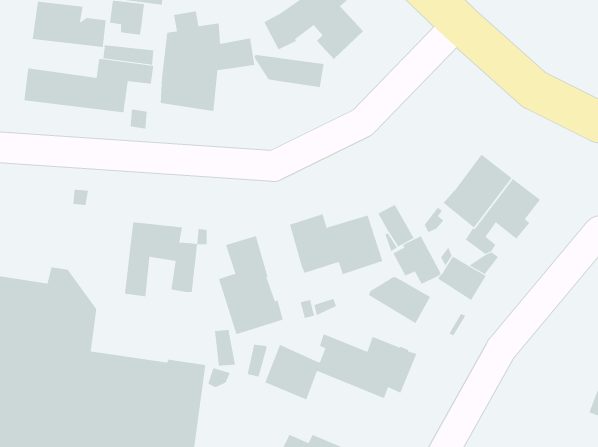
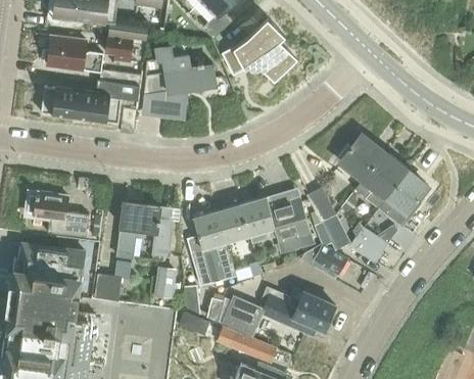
building: [254,54,324,88] -> none
building: none -> [338,134,385,180]
building: none -> [34,194,90,234]
building: none -> [217,205,250,245]
building: none -> [94,260,132,301]
building: none -> [150,265,175,296]
building: none -> [217,326,278,363]

